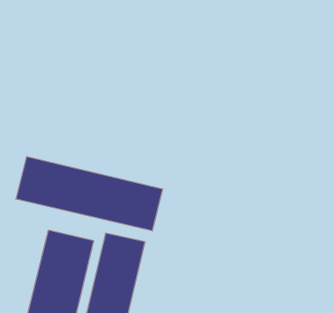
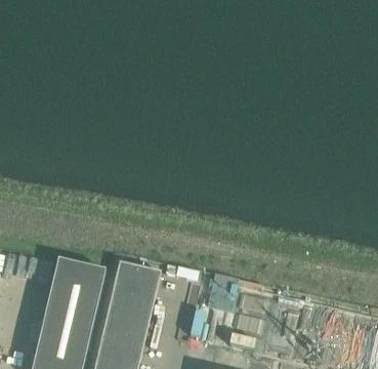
building: [16,157,163,231] -> none

